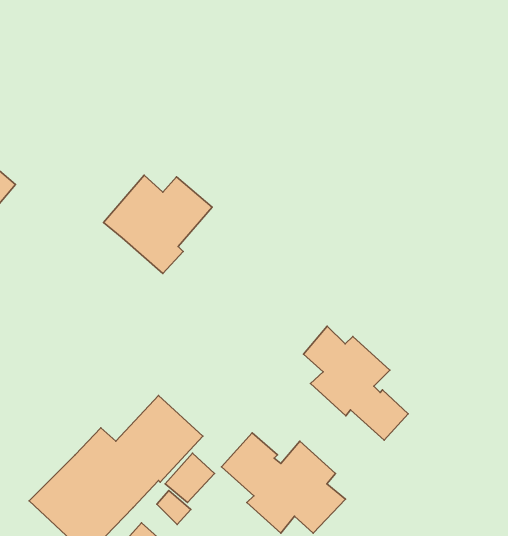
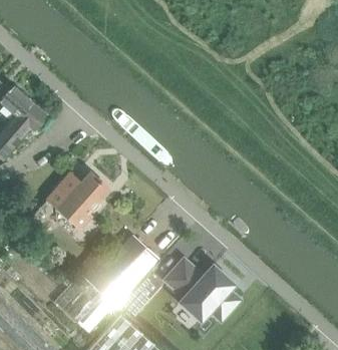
building: [103,175,212,274] -> [45,170,109,229]
building: [303,326,408,440] -> none

